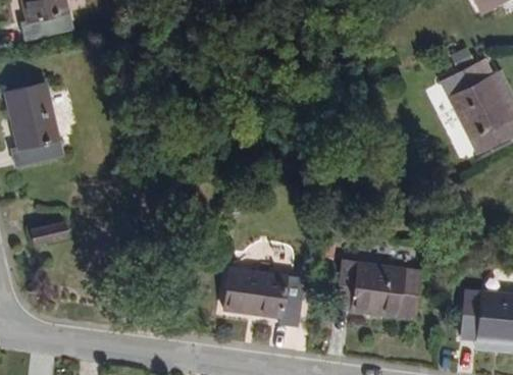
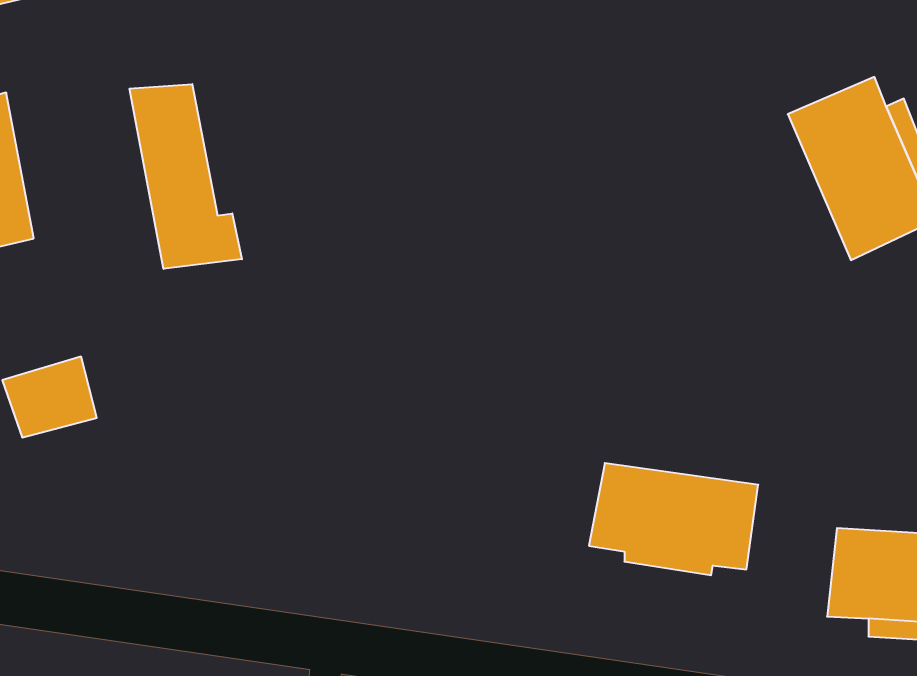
building: none -> [130,84,242,269]
building: [228,269,312,332] -> none

